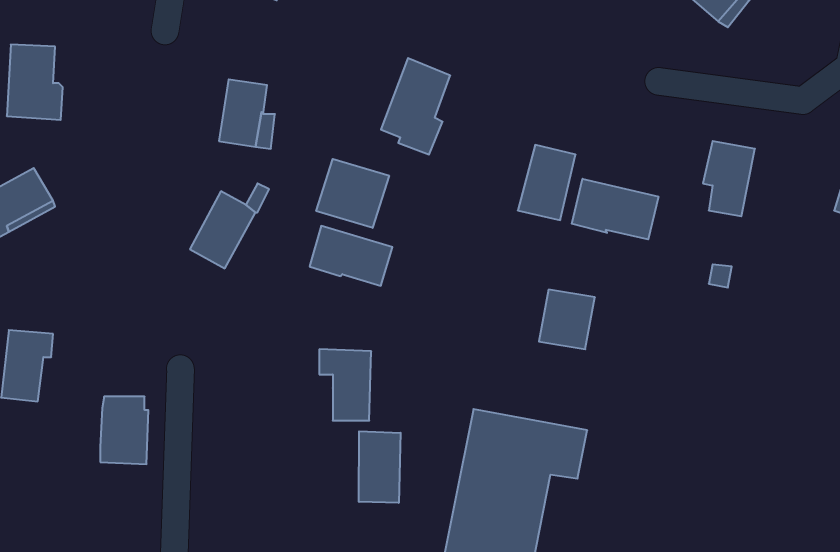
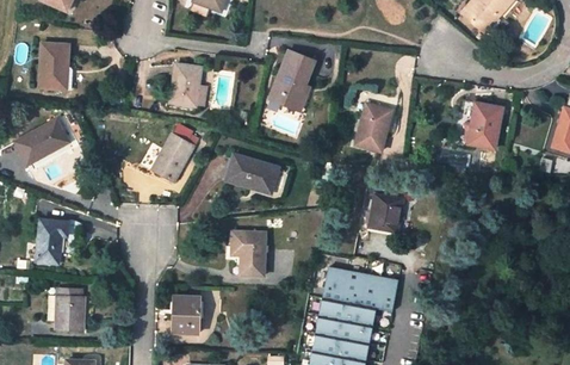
building: [316,159,389,228] -> none
building: [572,179,658,239] -> none
building: [100,397,148,464] -> [55,287,85,329]
building: [359,431,401,503] -> none
building: none -> [174,295,198,332]

